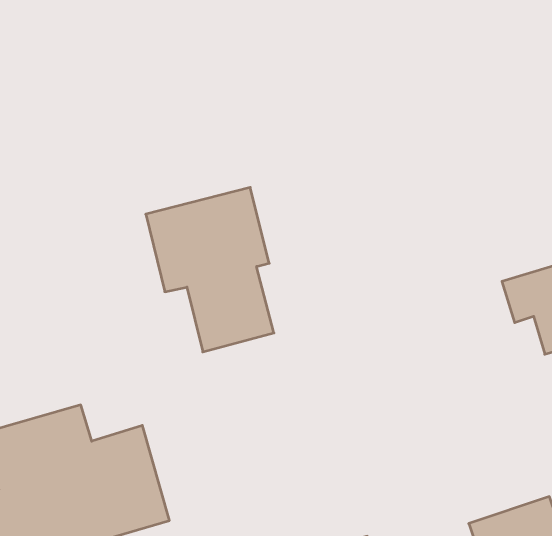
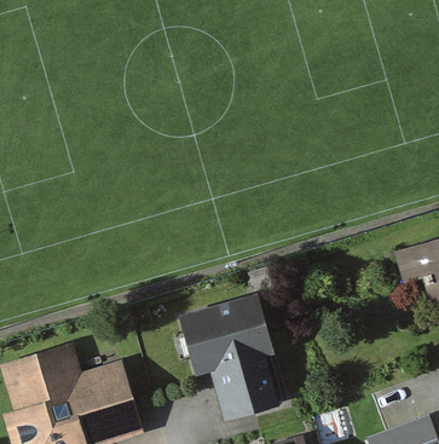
building: [146,187,274,352] -> [180,296,278,422]

